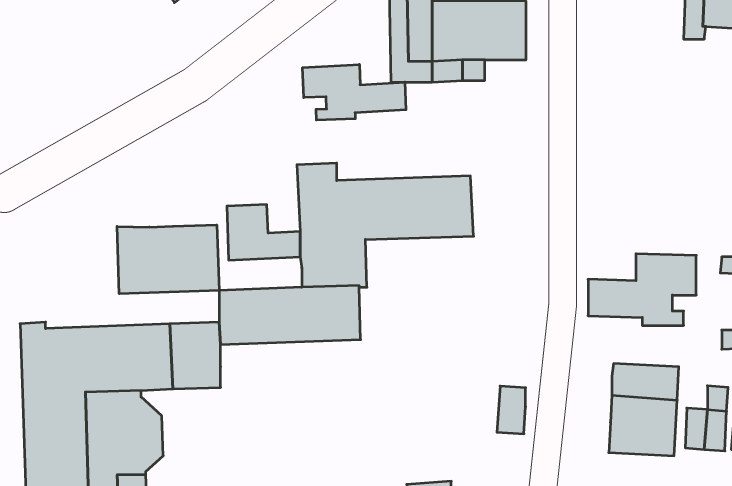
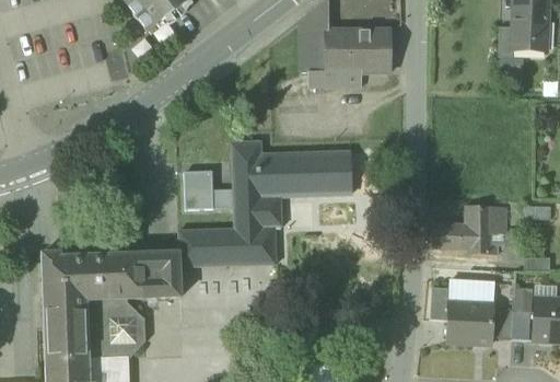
building: [303,64,406,120] -> none
building: [117,225,219,294] -> none
building: [497,386,526,434] -> [430,288,450,321]

